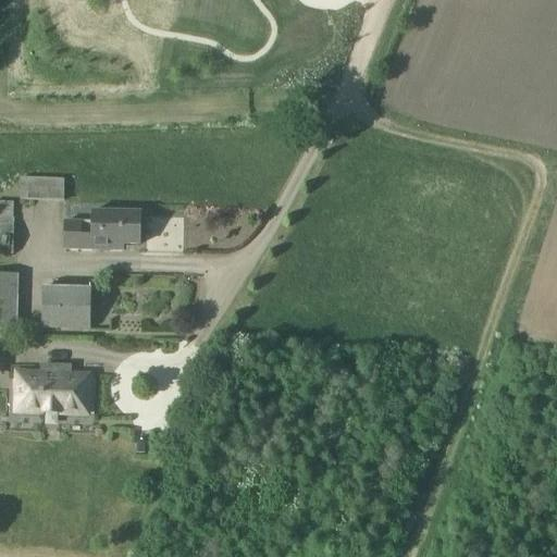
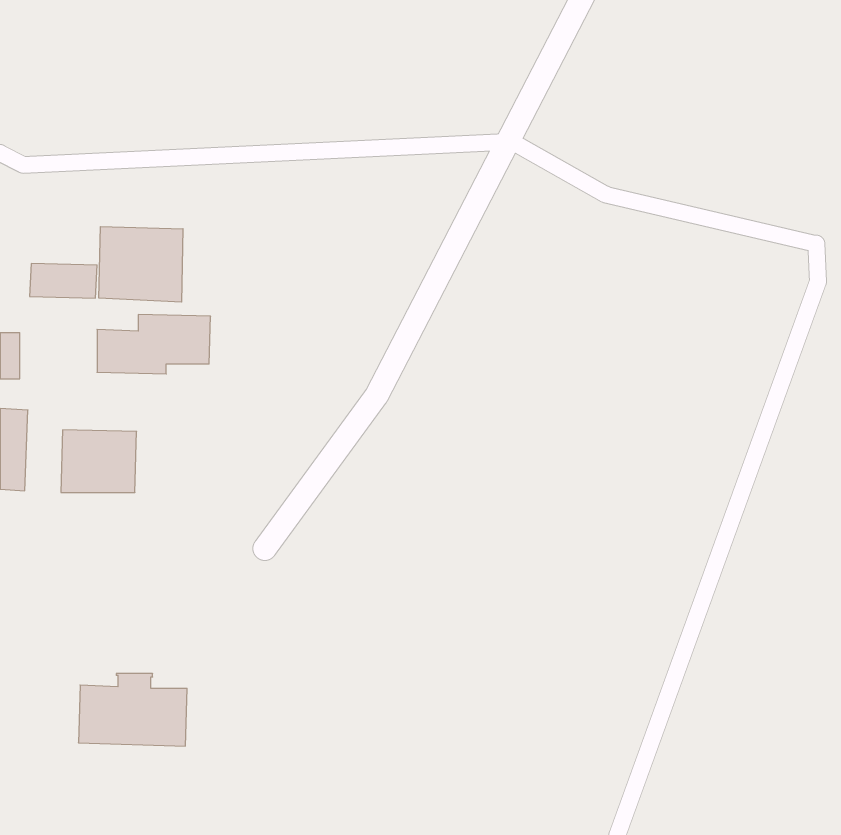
building: none -> [99,227,183,302]
building: [15,362,87,410] -> [78,674,187,746]

